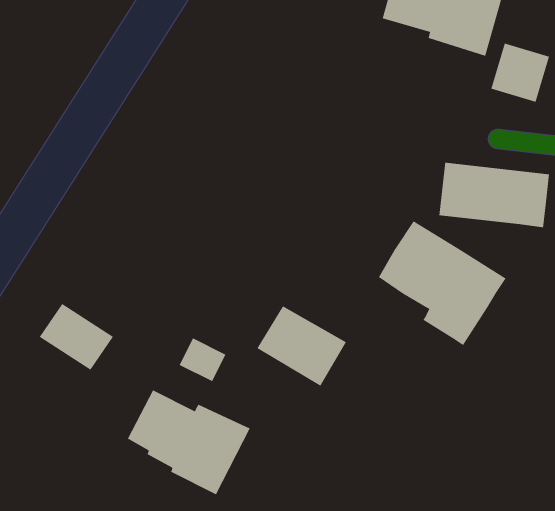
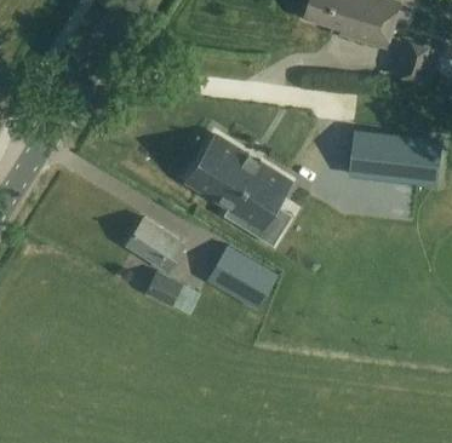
building: [378,221,506,346] -> [190,138,292,237]
building: [39,303,114,370] -> [126,219,185,272]
building: [127,389,250,495] -> none

